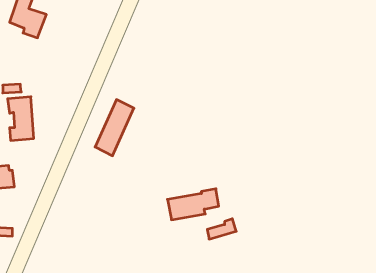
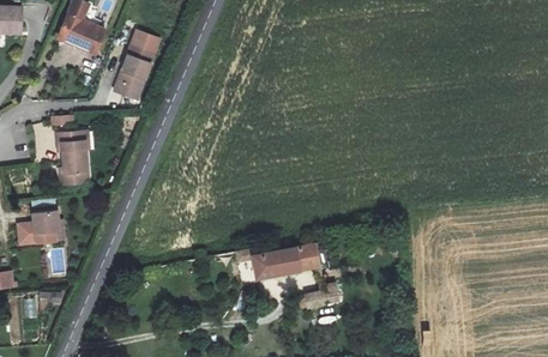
building: [95,100,134,156] -> [112,30,159,99]

